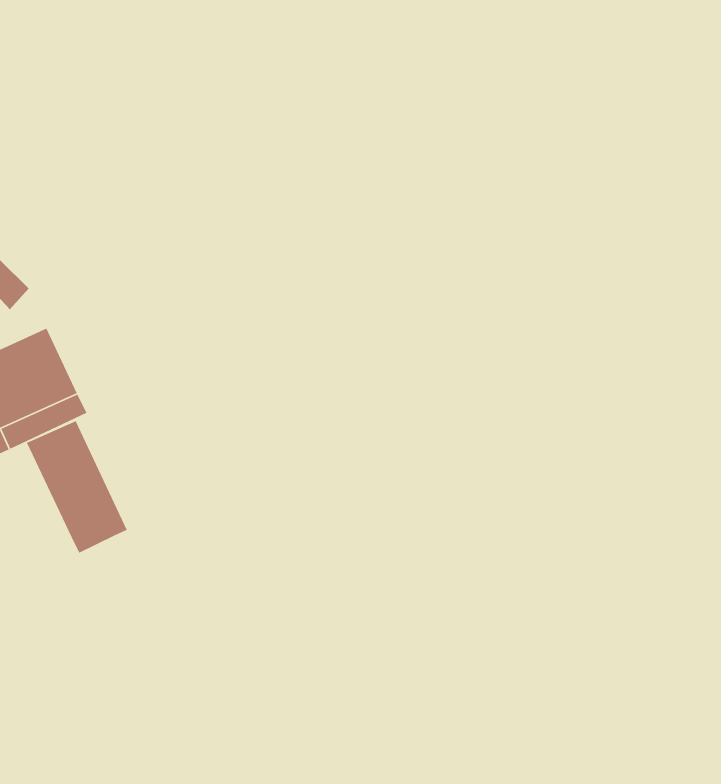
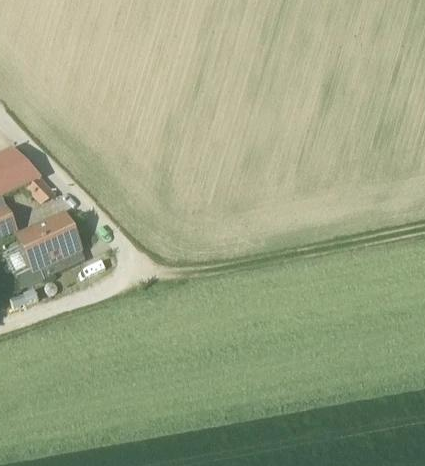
building: [26,420,128,554] -> none

